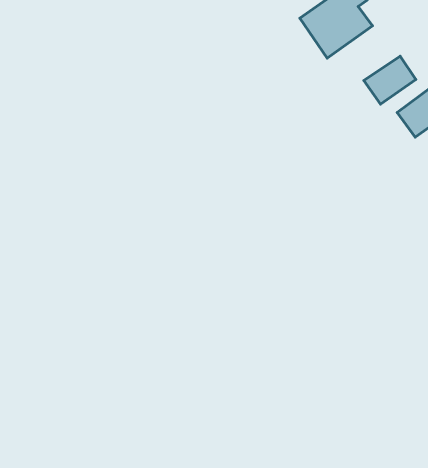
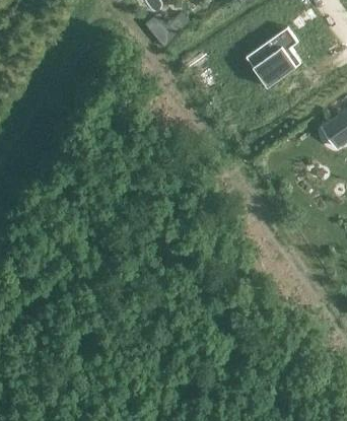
building: [364,56,416,104] -> none

